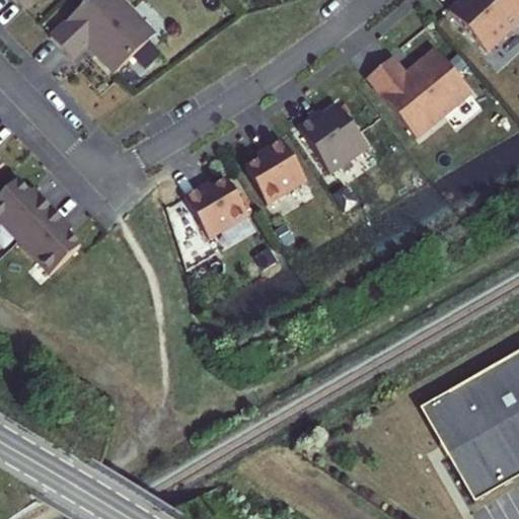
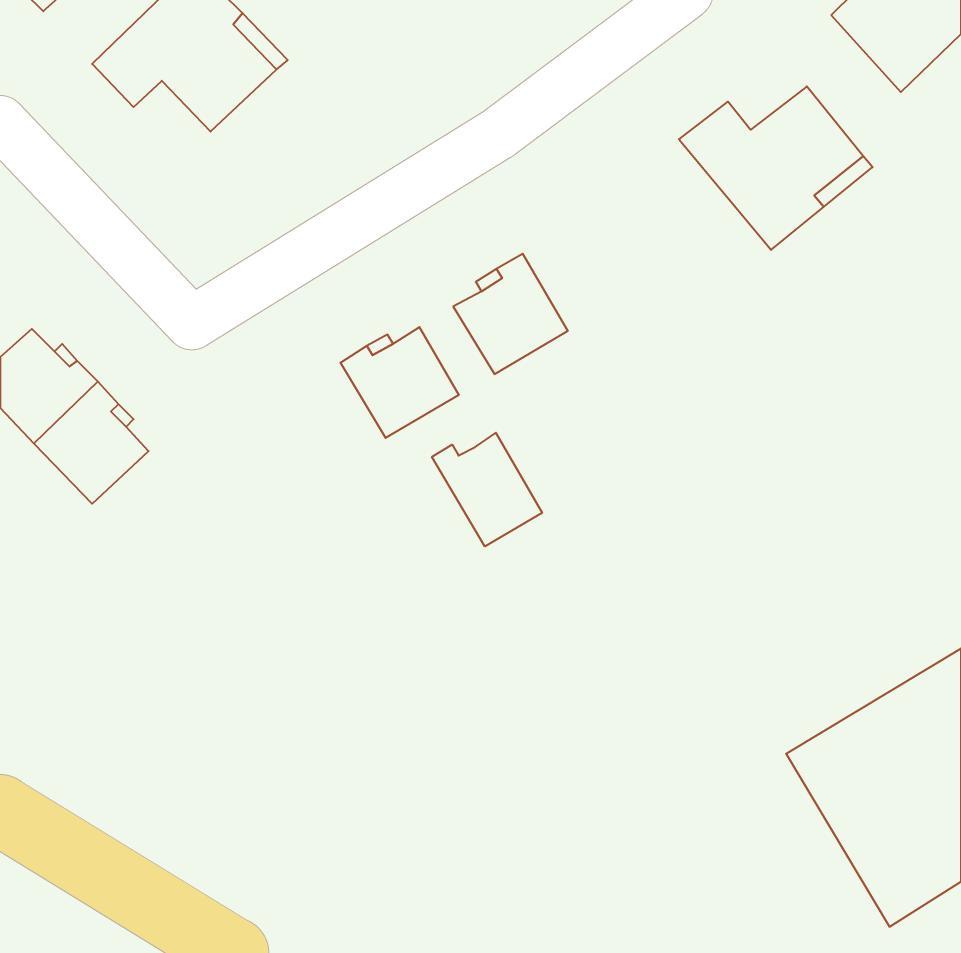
building: [297,102,367,171] -> none
building: none -> [432,433,542,546]

